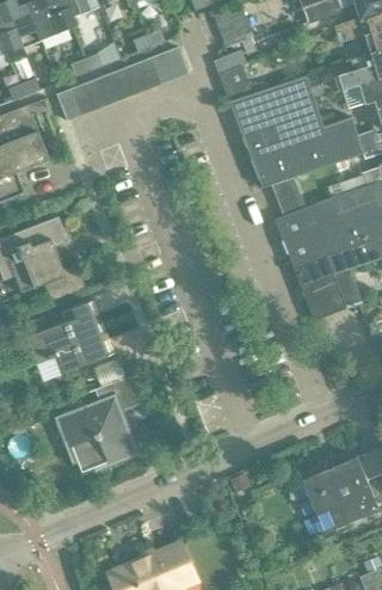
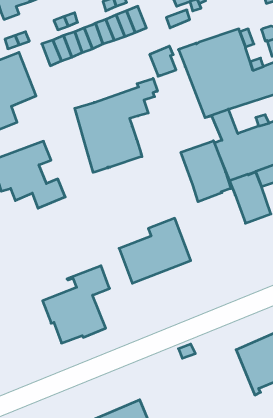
building: [218,62,252,100] -> [150,46,176,76]
building: none -> [75,78,157,172]
building: none -> [181,141,231,202]
building: [25,299,116,381] -> [119,218,191,283]

